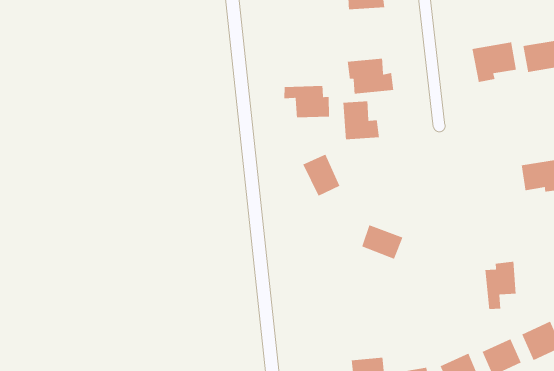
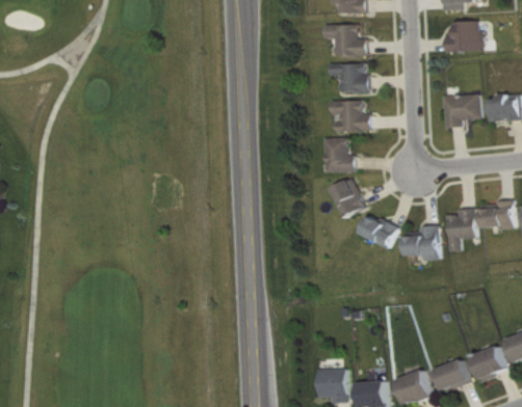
building: [283,85,330,118] -> [327,62,368,92]
building: [302,153,341,197] -> [329,179,362,217]
building: none -> [403,225,437,260]
building: [361,224,403,260] -> [358,214,396,247]
building: [485,261,516,310] -> [446,208,473,250]

